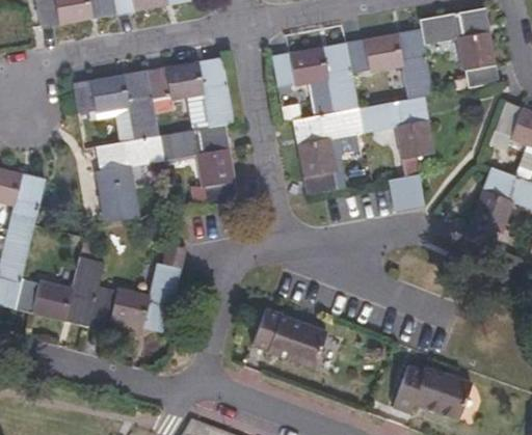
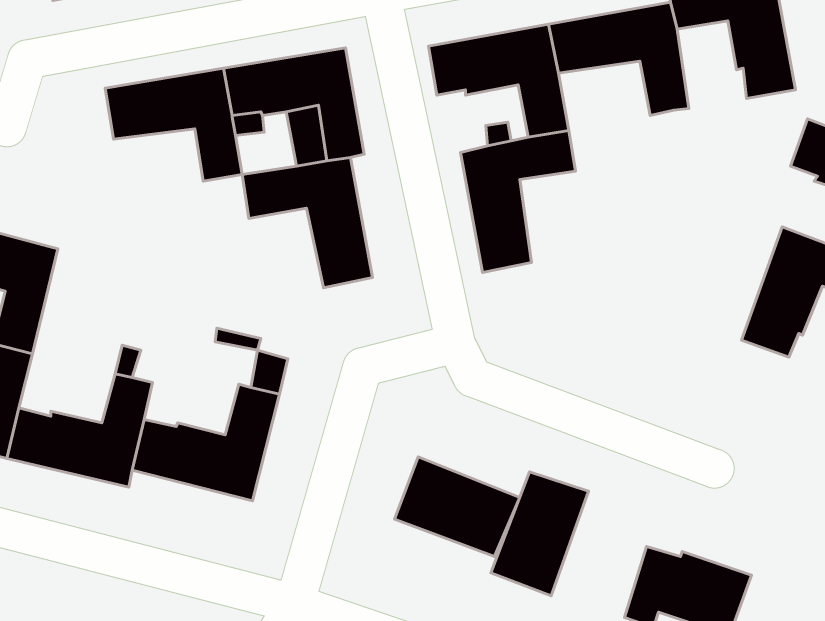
building: [360,96,433,212] -> none
building: [95,135,163,222] -> none
building: none -> [491,472,589,596]

